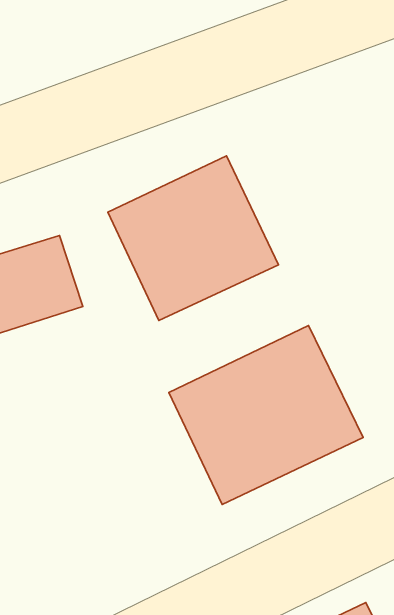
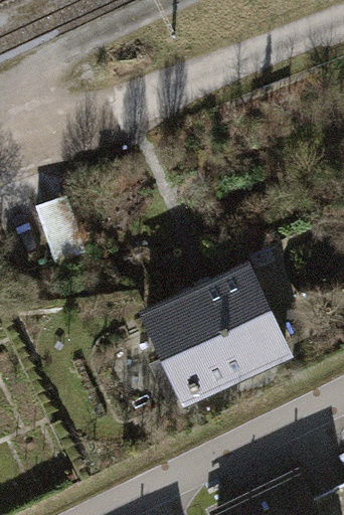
building: [108,156,278,321] -> none

